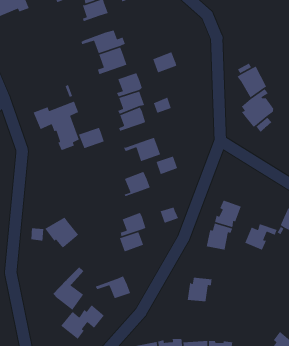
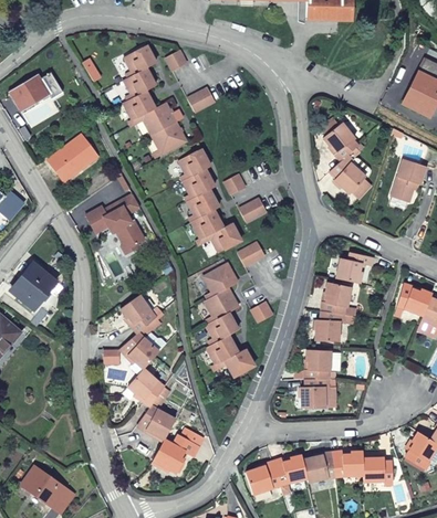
building: none -> [123,89,156,120]
building: none -> [44,133,100,184]
building: [152,51,177,74] -> [186,85,217,114]
building: none -> [239,197,269,224]
building: [78,127,105,149] -> [190,210,223,239]
building: none -> [119,294,165,336]
building: none -> [205,288,238,324]
building: [244,223,278,251] -> [333,252,371,284]
building: none -> [128,368,166,405]
building: none -> [302,350,329,380]
building: [95,275,131,299] -> [212,348,257,378]

